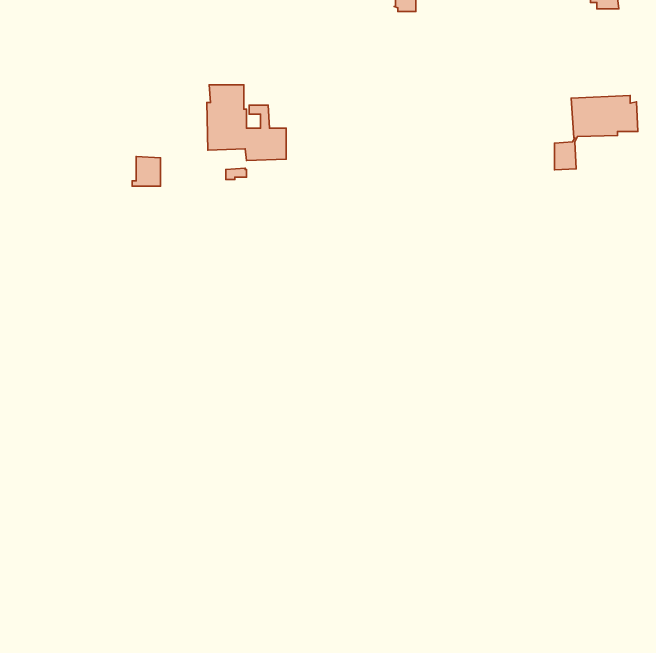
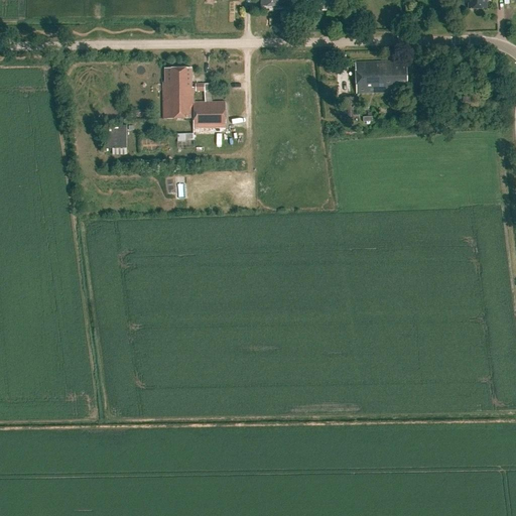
building: [554,96,638,170] -> [342,59,407,118]

